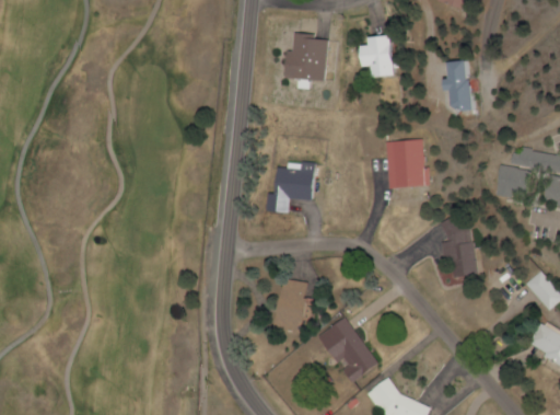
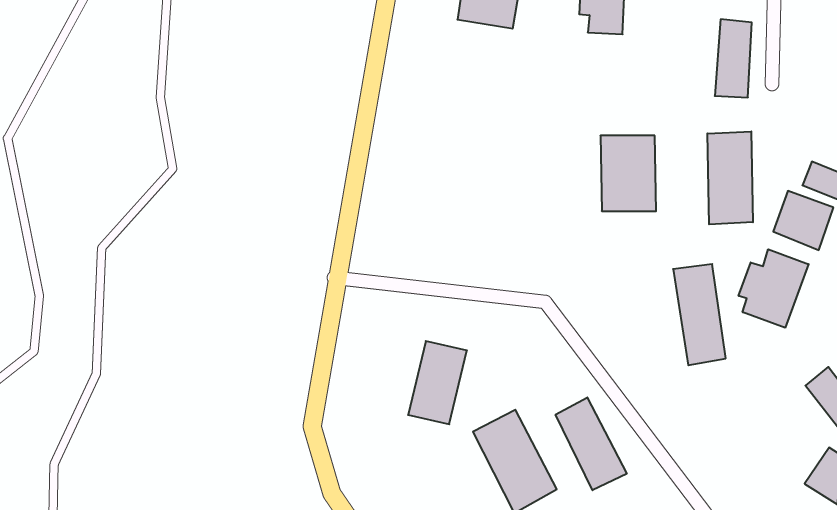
building: none -> [707,131,753,224]
building: [266,163,314,212] -> none
building: none -> [739,249,809,328]
building: none -> [556,397,627,490]

